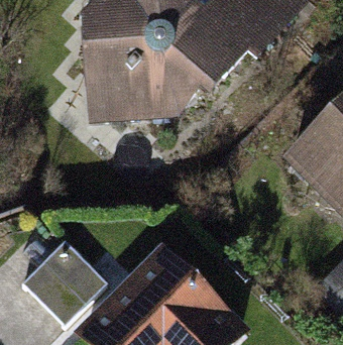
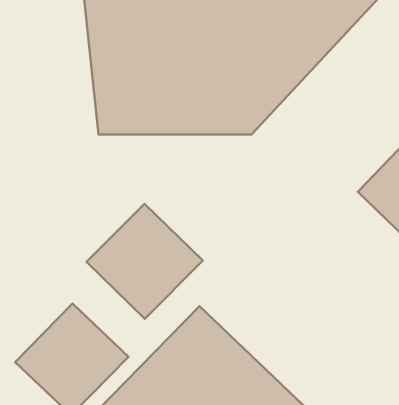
building: none -> [86,204,203,319]

